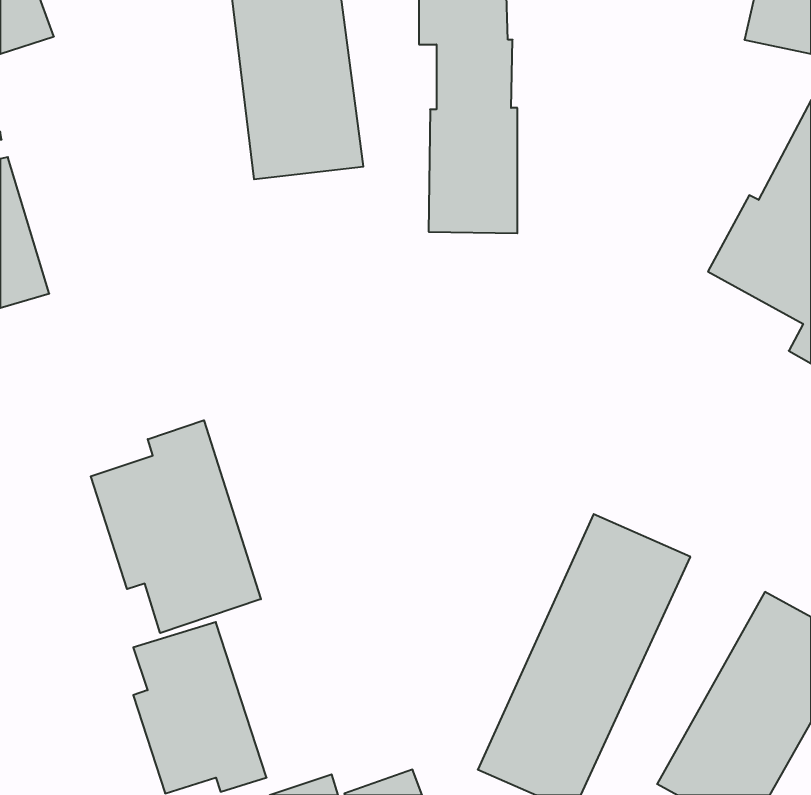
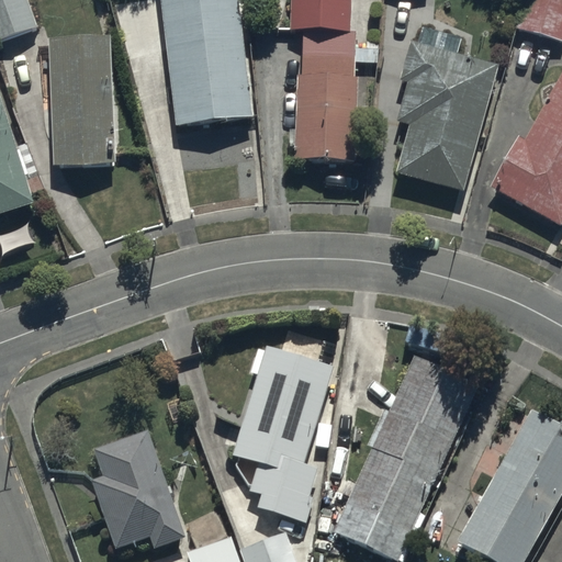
building: none -> [396,27,497,213]
building: none -> [52,38,116,166]
building: [91,420,261,633] -> none
building: none -> [233,345,333,521]

